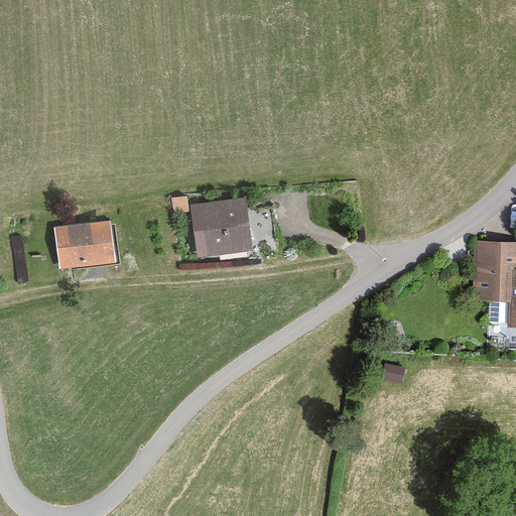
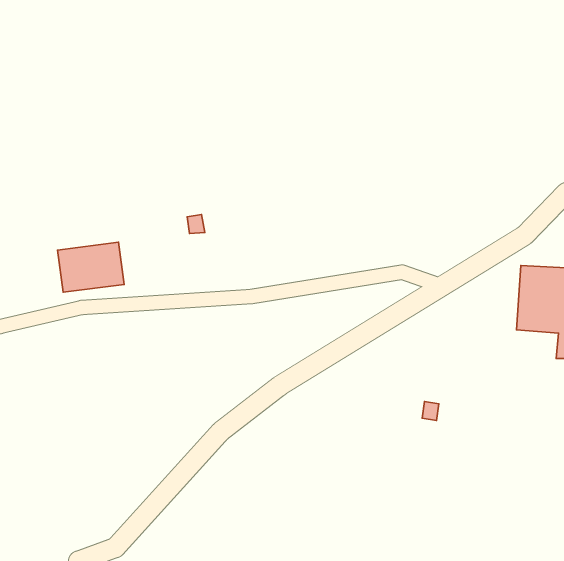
building: [194,200,250,253] -> none

